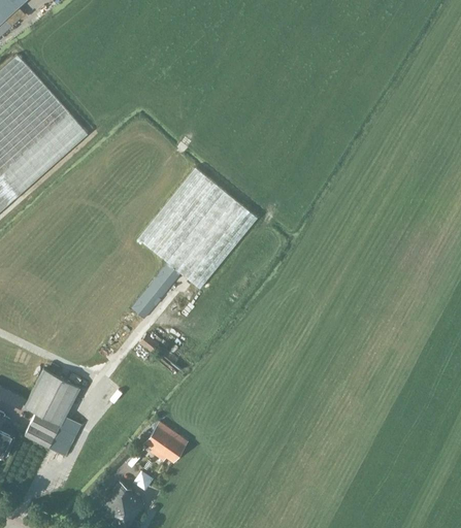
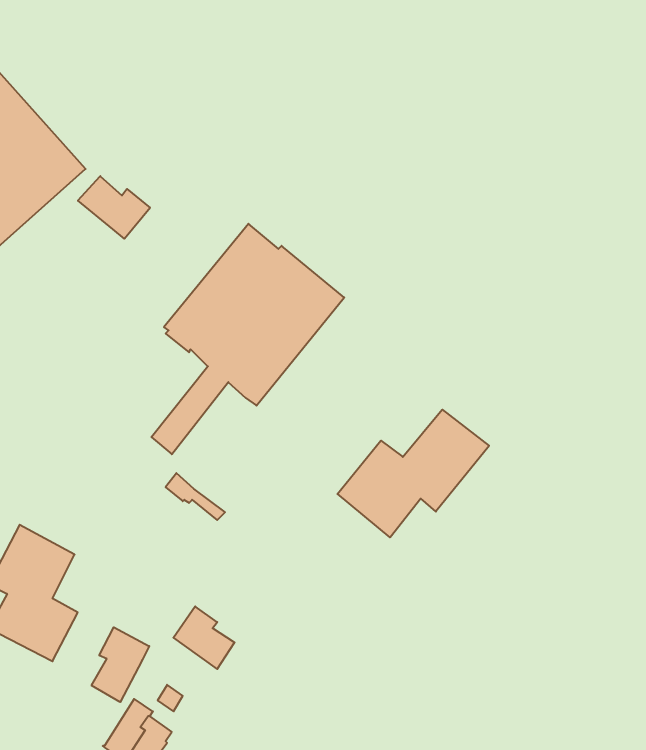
building: none -> [78,176,150,239]
building: none -> [337,410,489,537]
building: none -> [92,627,149,702]

